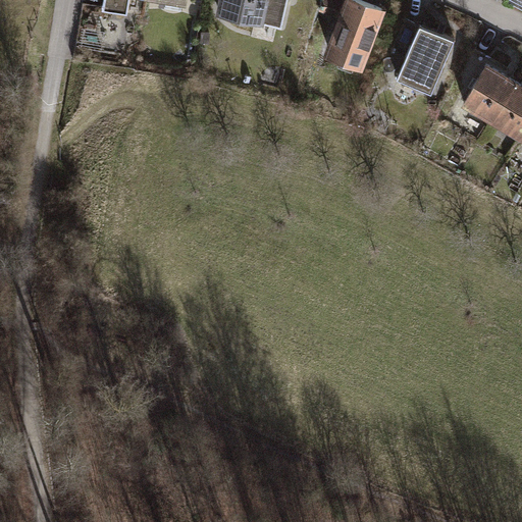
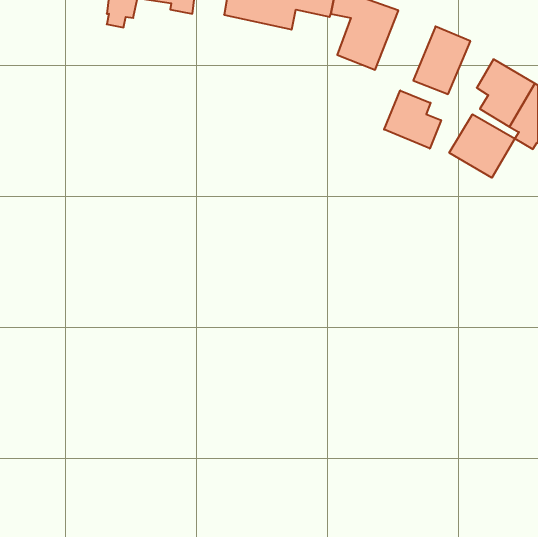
building: none -> [384,90,441,149]
building: none -> [449,114,515,178]

